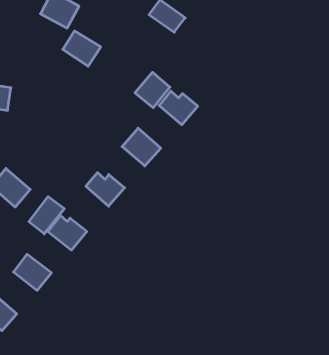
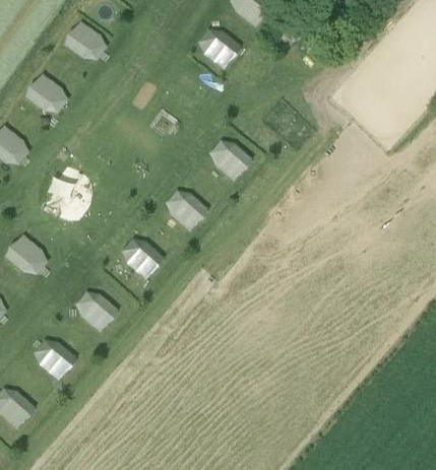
building: [63,31,101,66] -> [25,73,71,116]
building: [135,72,170,108] -> none
building: [29,197,64,234] -> none

